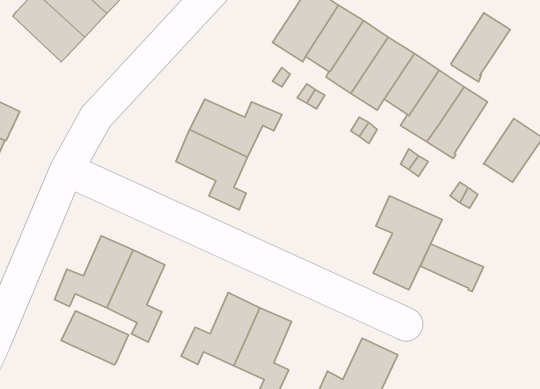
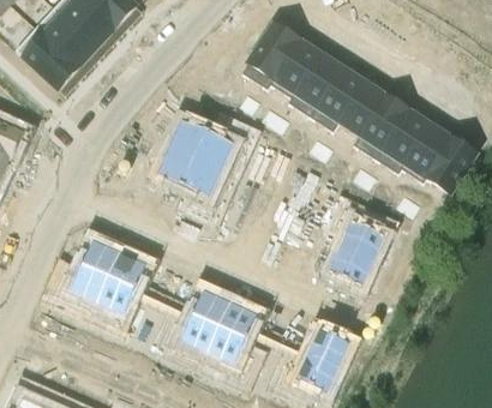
building: [451,13,510,82] -> [400,124,451,184]
building: [420,244,484,291] -> none
building: [61,311,129,365] -> none

